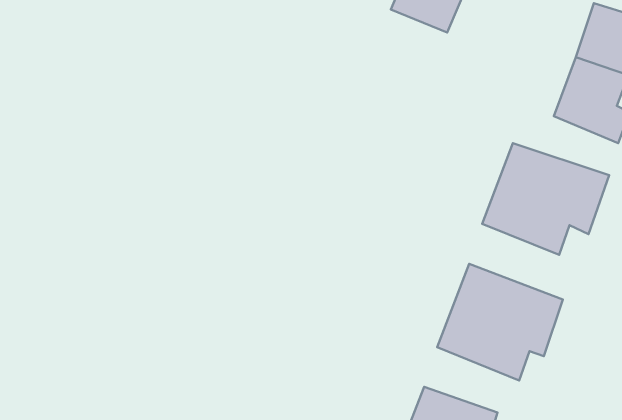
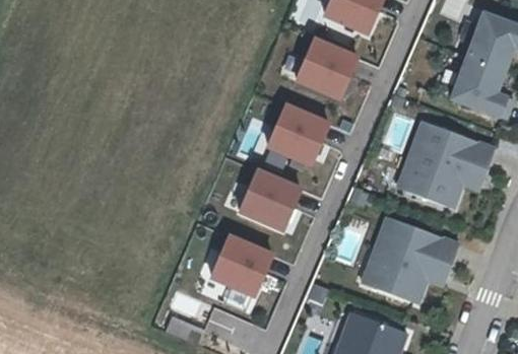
building: none -> [295,39,357,100]
building: none -> [266,102,328,164]
building: none -> [237,167,299,229]
building: none -> [210,234,273,296]

